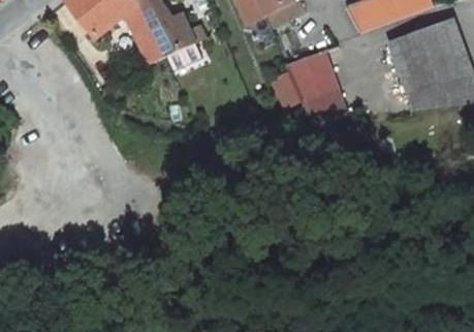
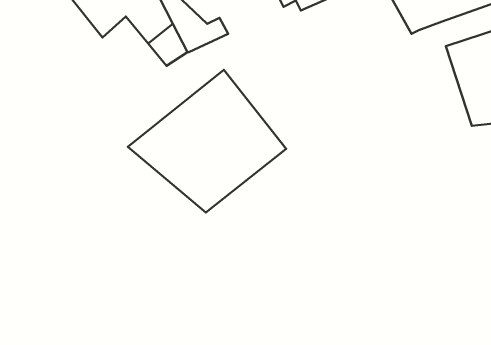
building: [282,41,344,110] -> none
building: none -> [128,70,286,213]

